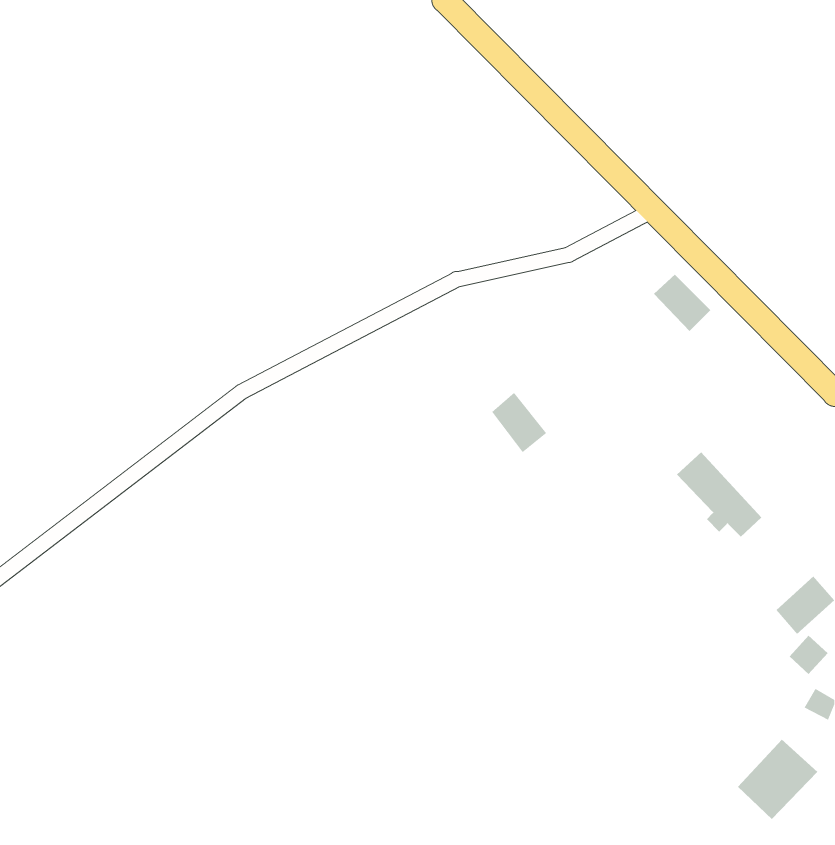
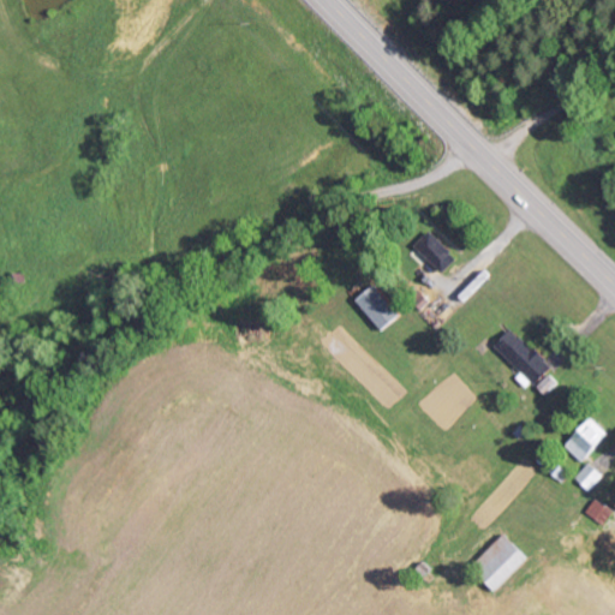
building: [653,274,711,332] -> [413,231,455,273]
building: [737,739,818,820] -> [471,532,530,591]

